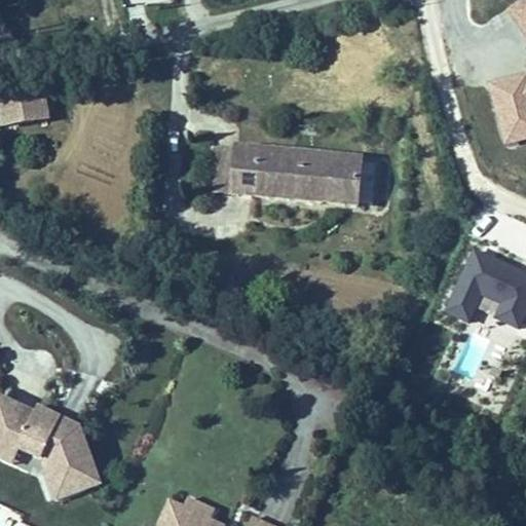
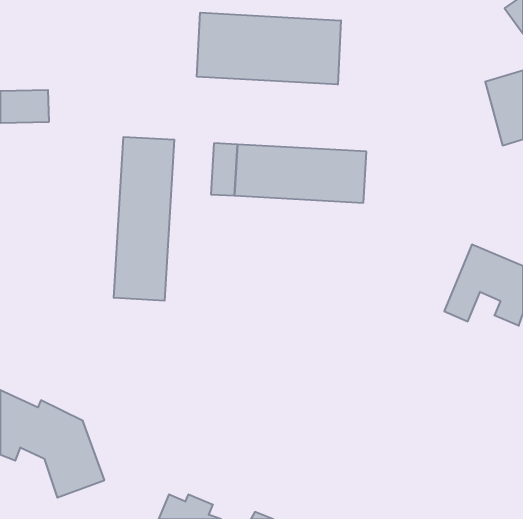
building: none -> [197,13,341,85]
building: none -> [114,137,174,301]

